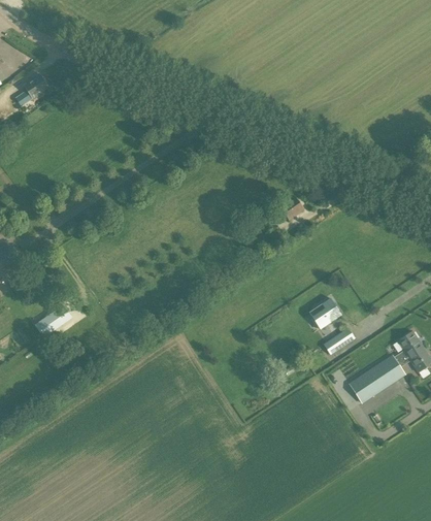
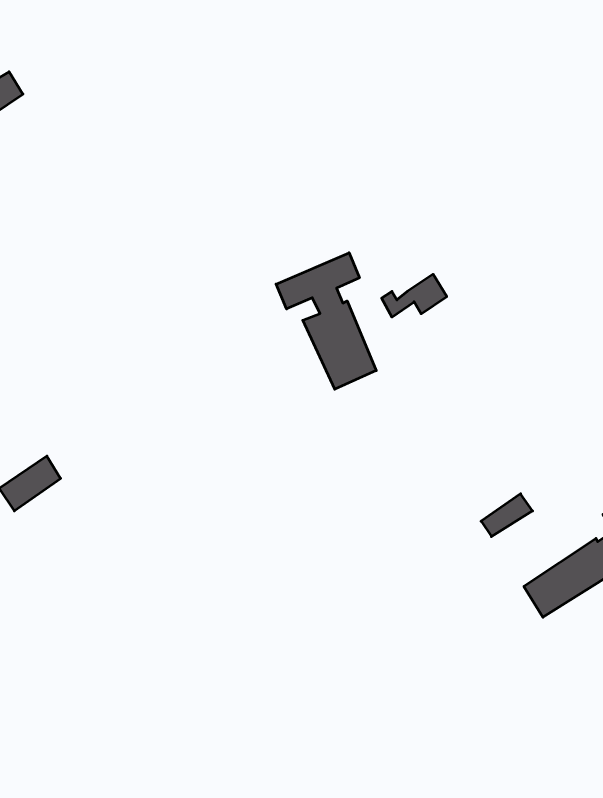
building: none -> [276,253,376,389]
building: [312,298,340,329] -> none

